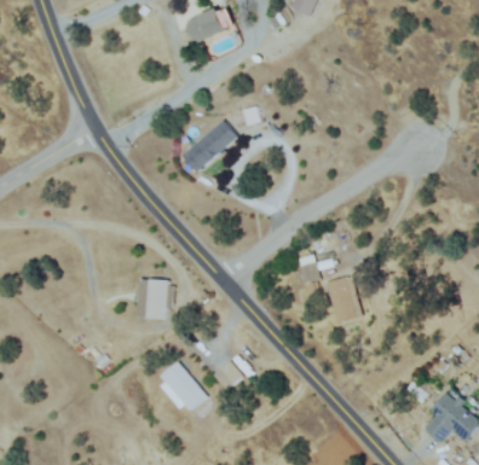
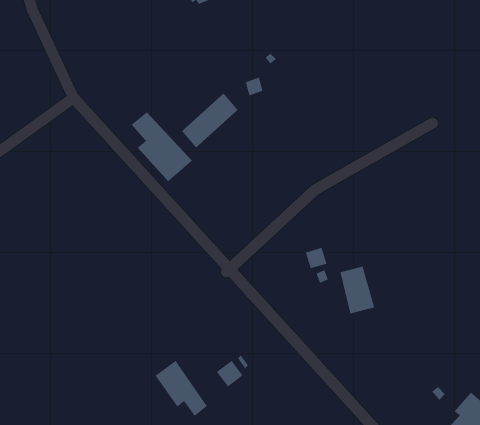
building: none -> [130,112,193,182]
building: [139,278,174,319] -> none

